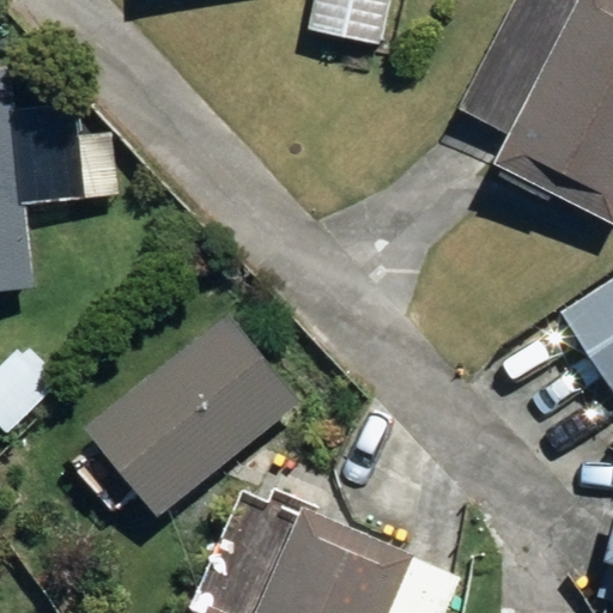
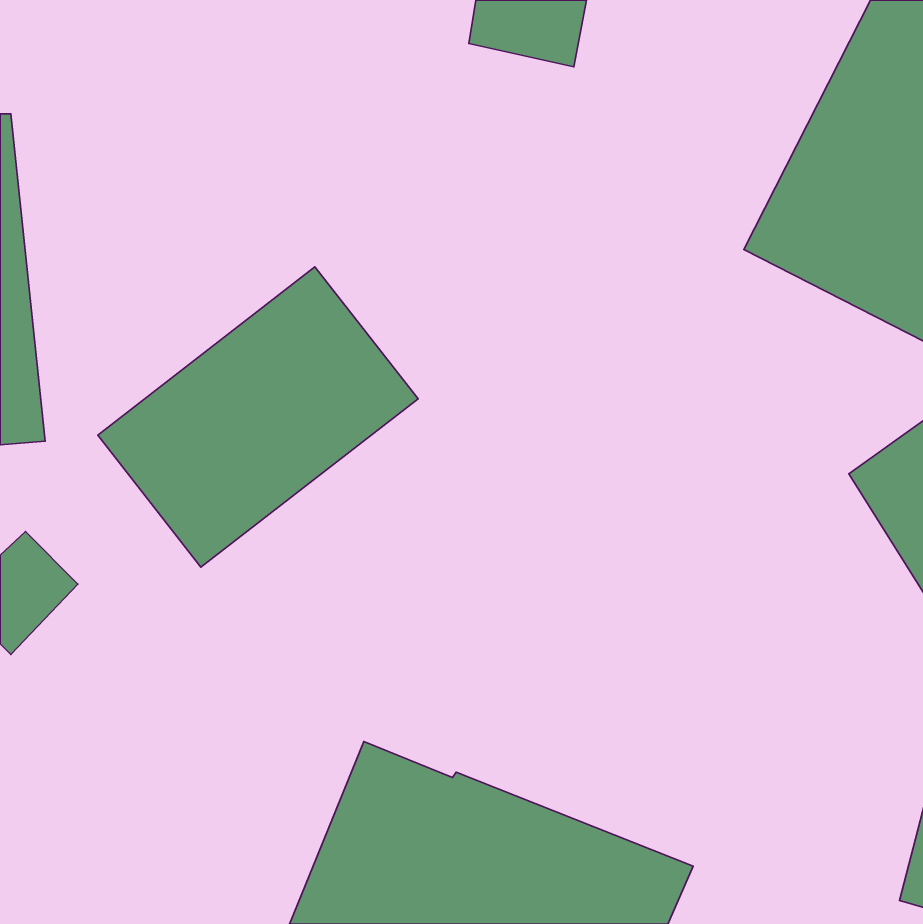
building: [83,315,295,514] -> [98,267,418,567]

